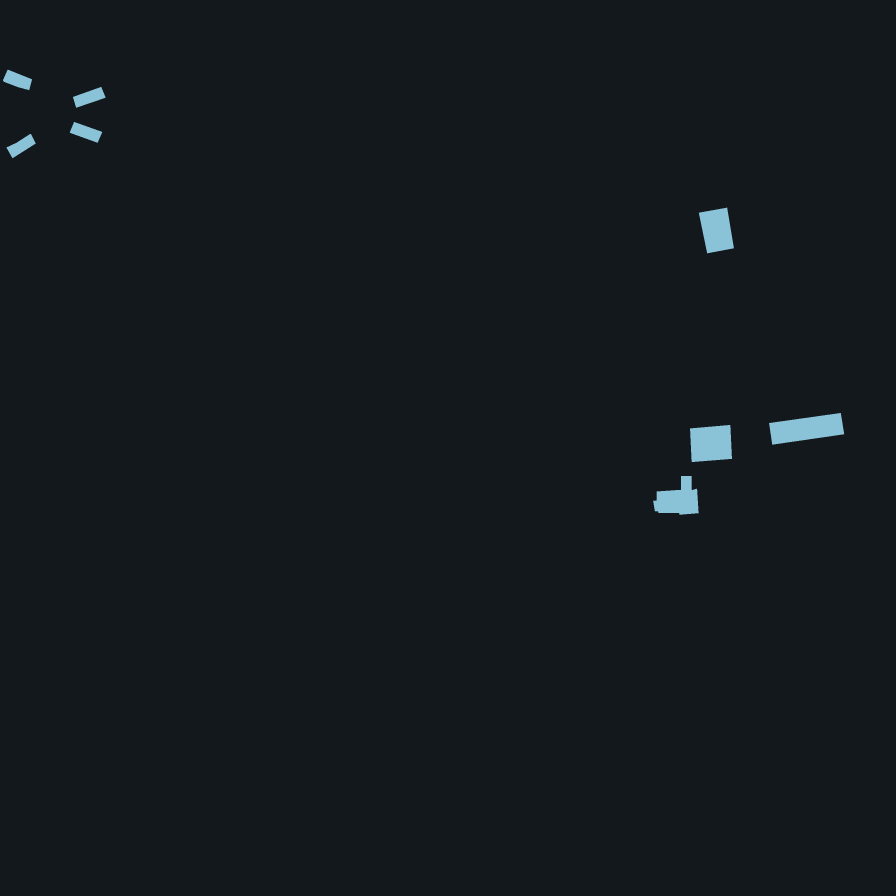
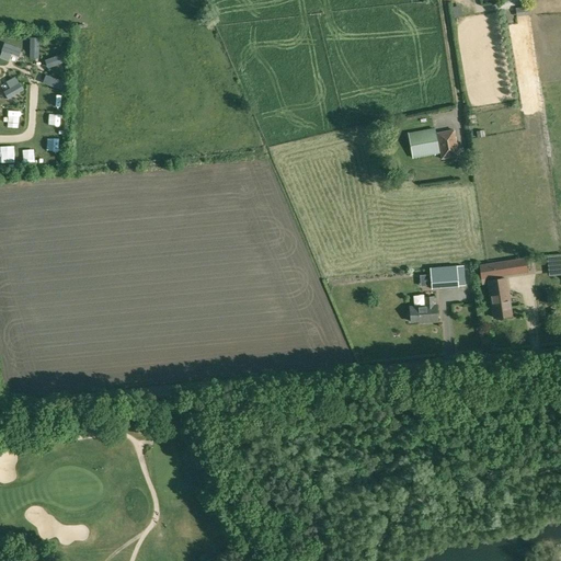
building: none -> [408,128,439,159]
building: none -> [488,278,512,318]

